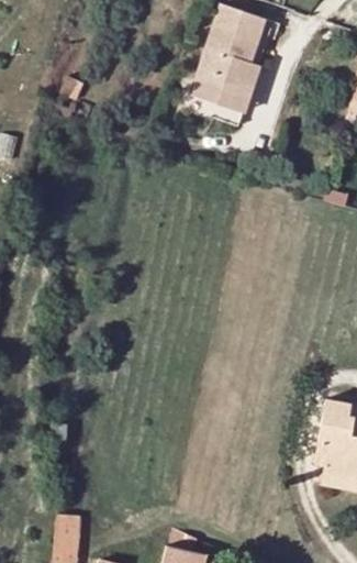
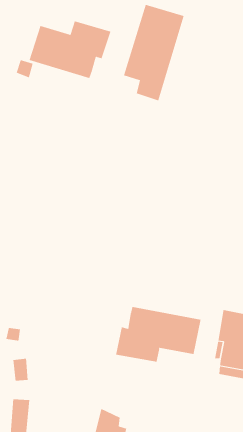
building: none -> [29,20,111,79]
building: none -> [115,306,201,362]

